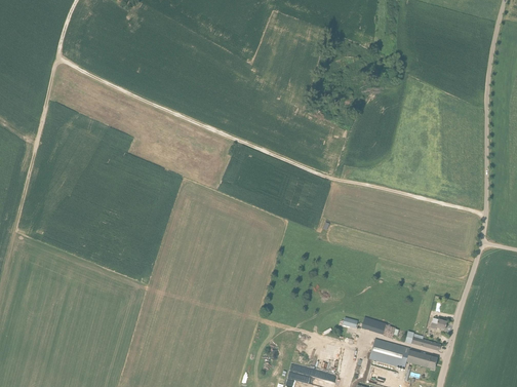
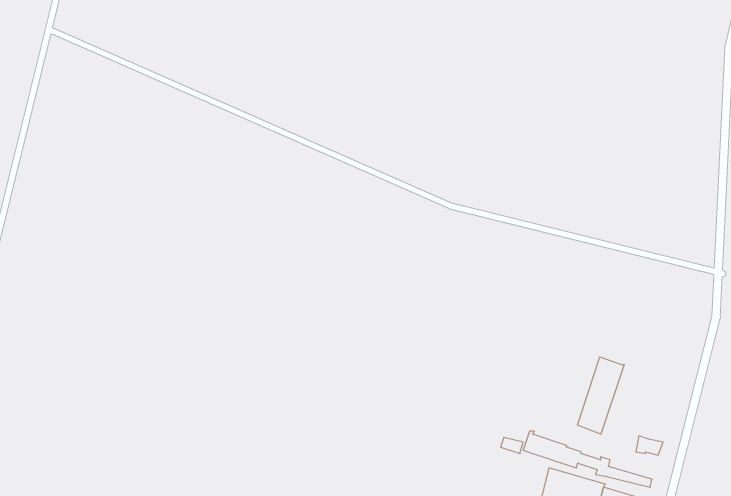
building: none -> [577,357,624,434]

